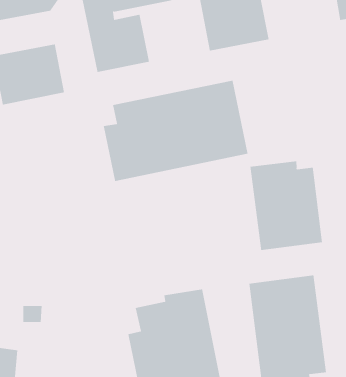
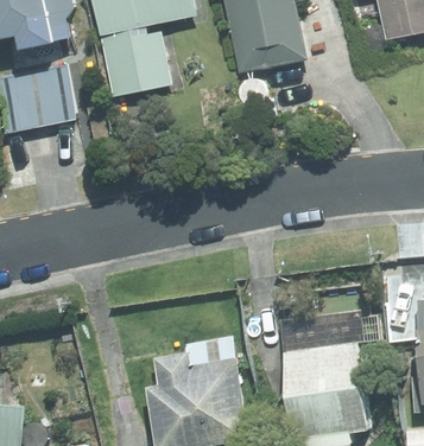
building: [103,80,248,182] -> none
building: [250,160,322,251] -> none

